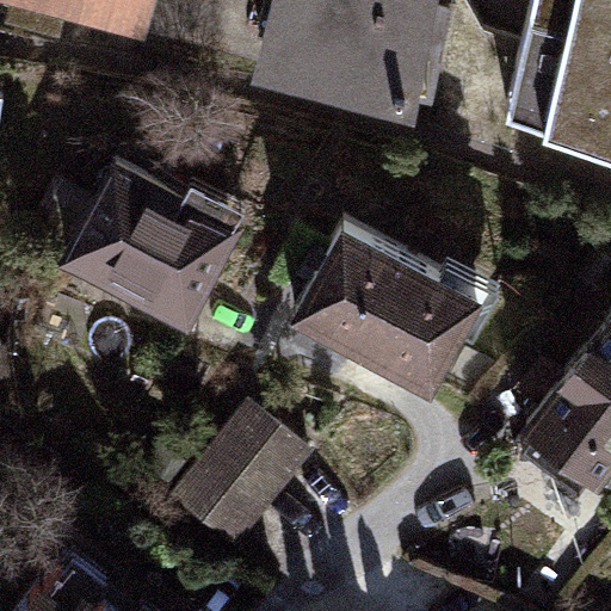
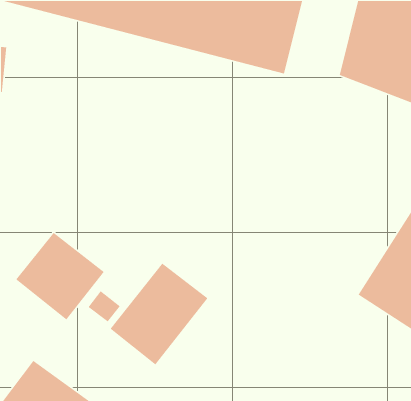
building: [58,153,245,316] -> none
building: [298,217,490,387] -> none
building: none -> [15,232,105,320]

